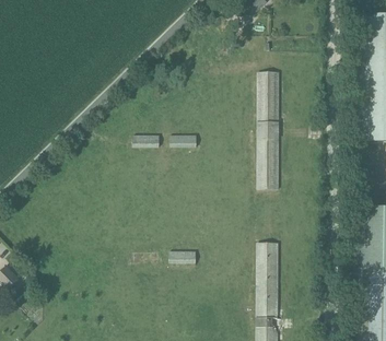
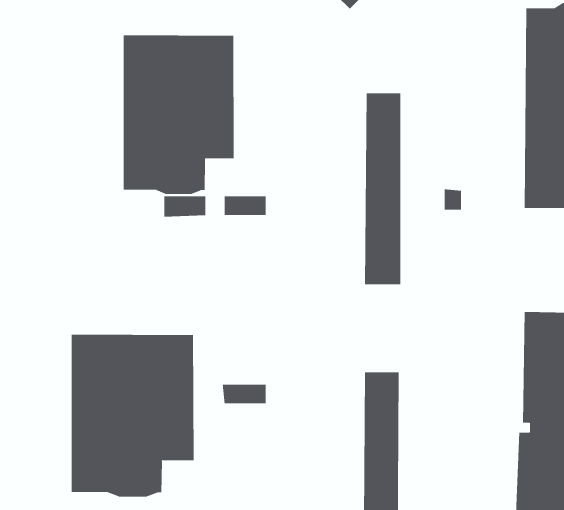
building: none -> [123,34,234,195]
building: none -> [71,334,194,497]

